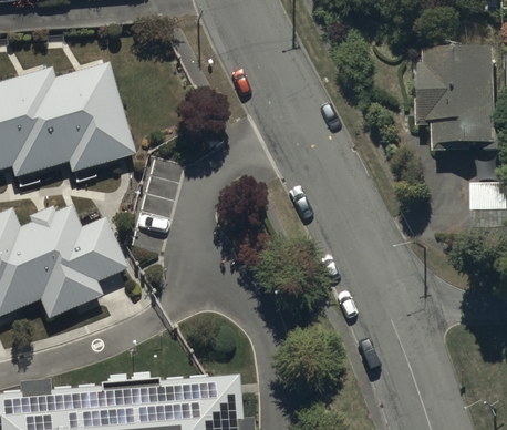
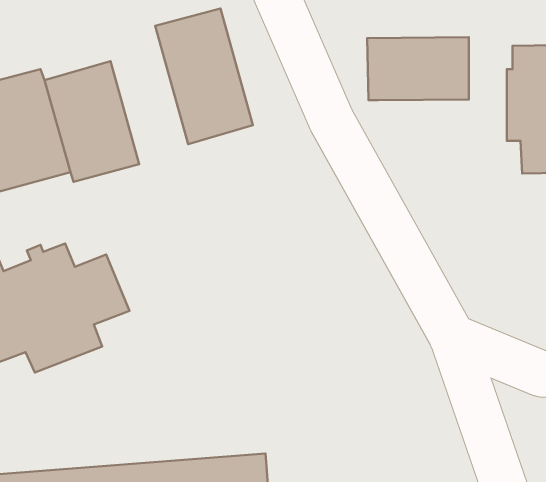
building: none -> [155,9,253,144]
building: none -> [367,37,469,100]

